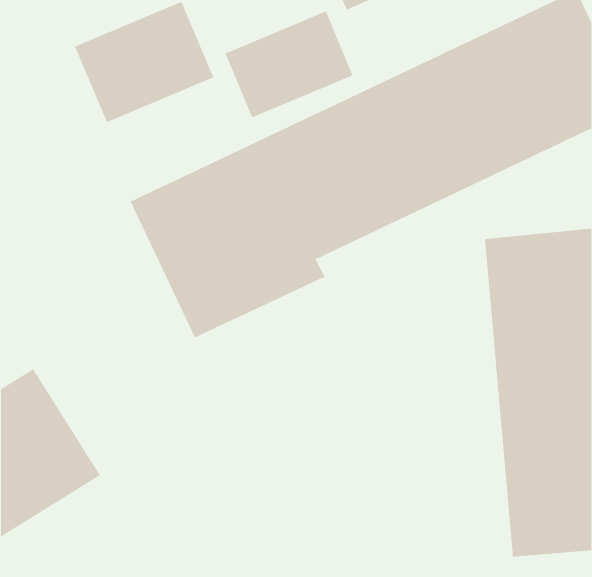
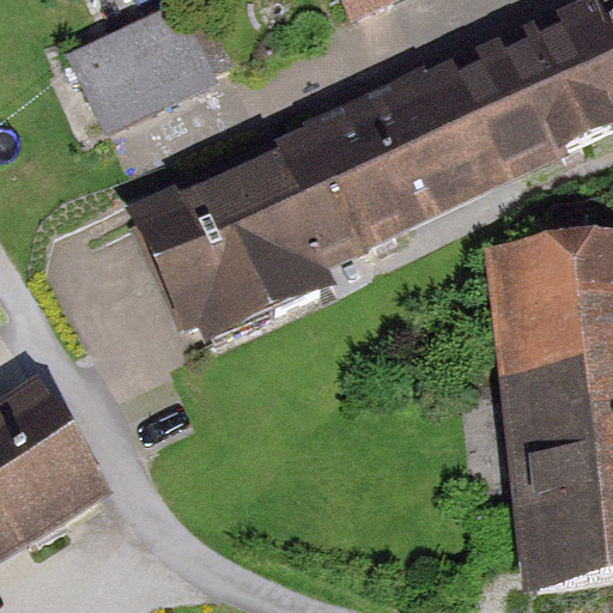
building: [225,11,353,118] -> none

